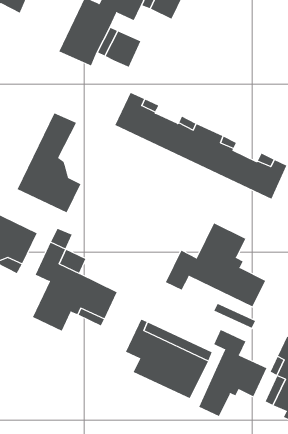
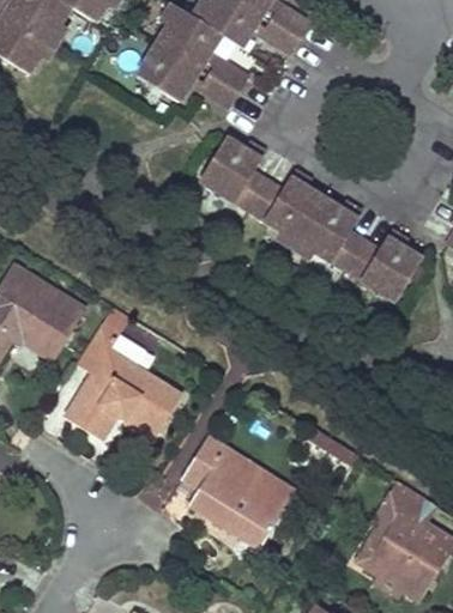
building: [17,112,81,213] -> none
building: [165,223,266,307] -> none
building: [198,329,267,417] -> none

